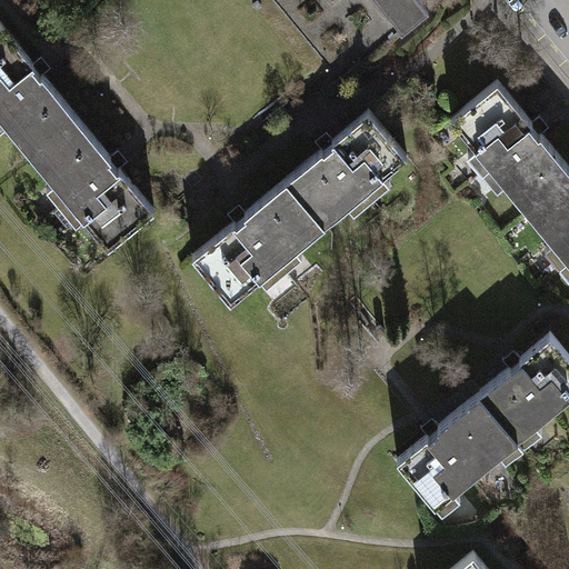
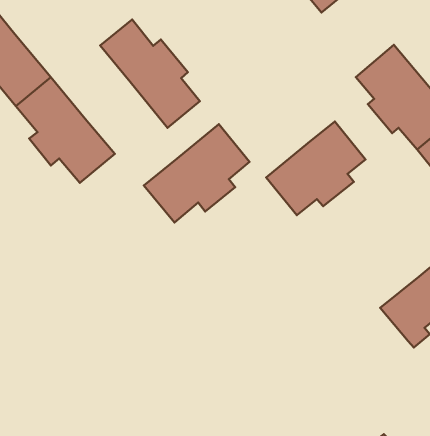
building: none -> [100,20,200,128]
building: [280,111,402,227] -> [266,122,366,215]
building: [400,407,520,521] -> none

